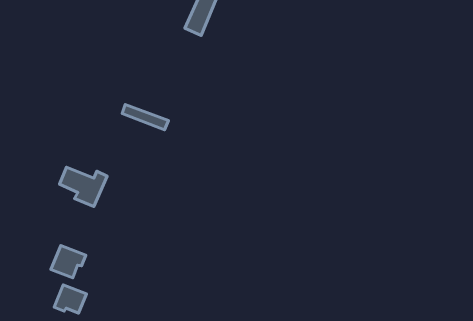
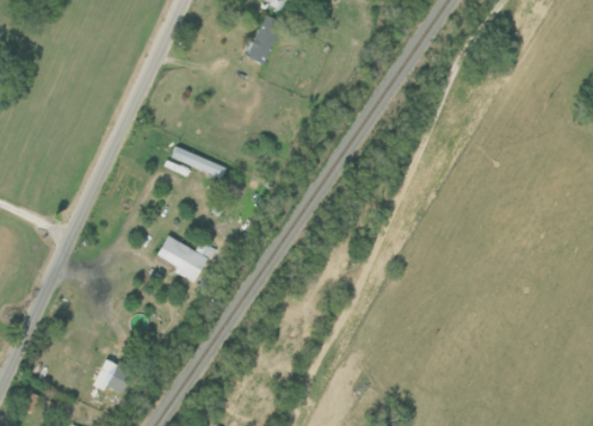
building: [59,167,107,207] -> [156,236,212,283]
building: [51,245,86,278] -> none

